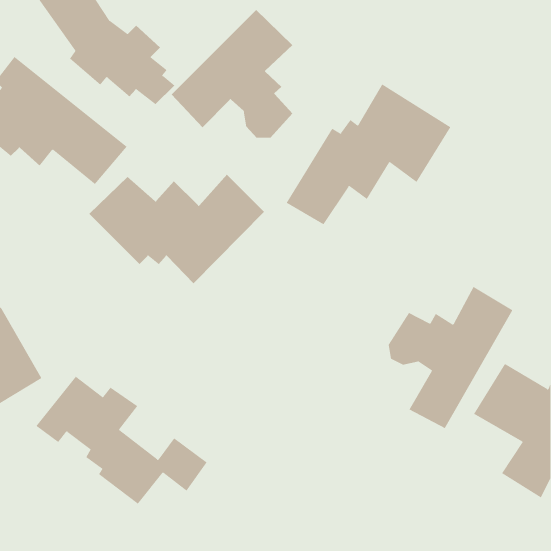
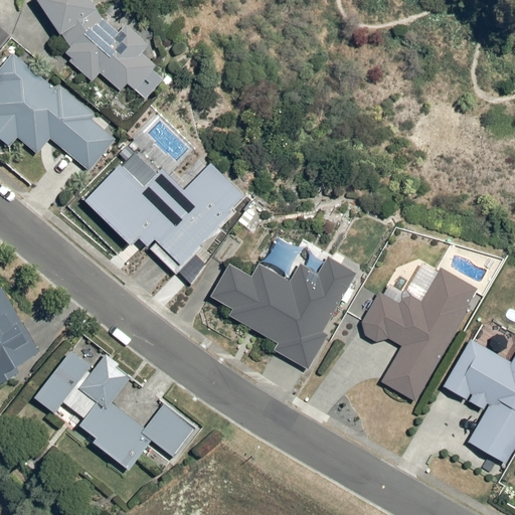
building: [171,9,293,139] -> none
building: [286,84,451,225] -> none
building: none -> [209,256,356,368]

